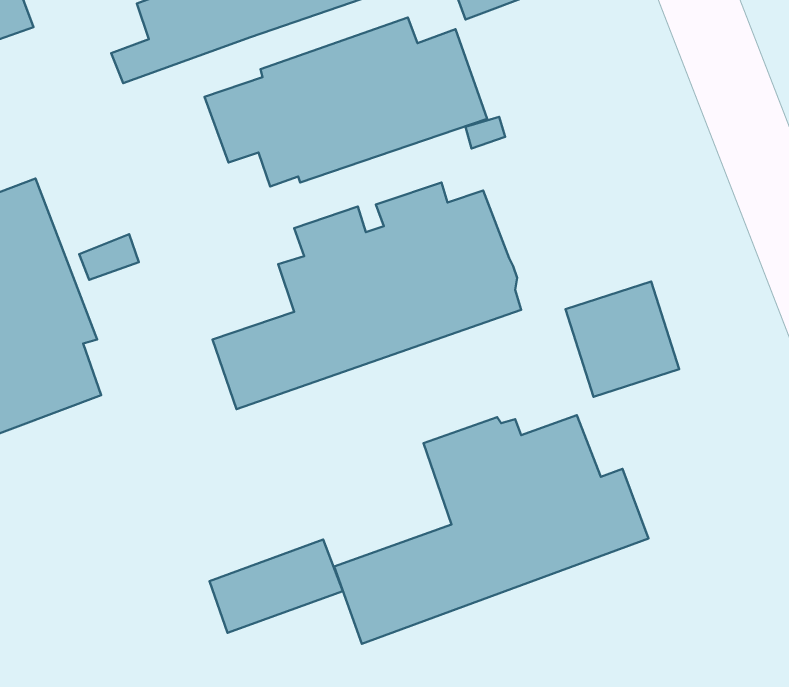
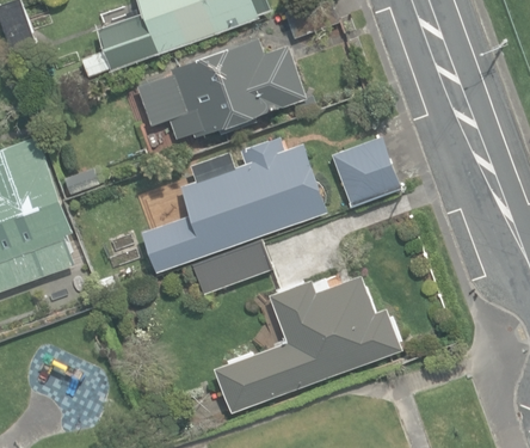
building: [566,281,679,397] -> [331,136,399,205]
building: [210,539,343,633] -> [191,239,271,295]

